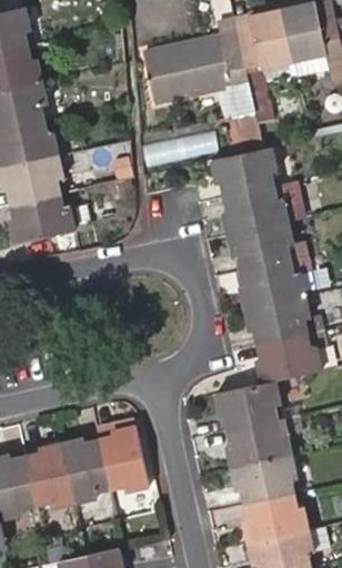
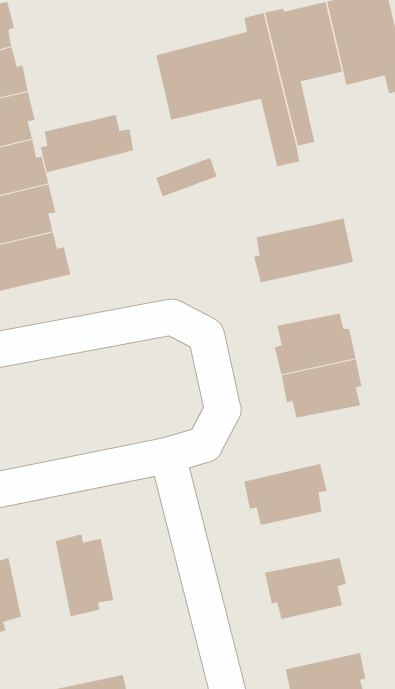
building: none -> [40,114,134,173]
building: [210,145,278,197] -> none
building: [227,221,293,268] -> none
building: [254,333,322,383] -> none
building: [224,418,291,467] -> none
building: [99,426,149,491] -> none
building: [24,442,73,507] -> none
building: [241,494,308,545] -> none

